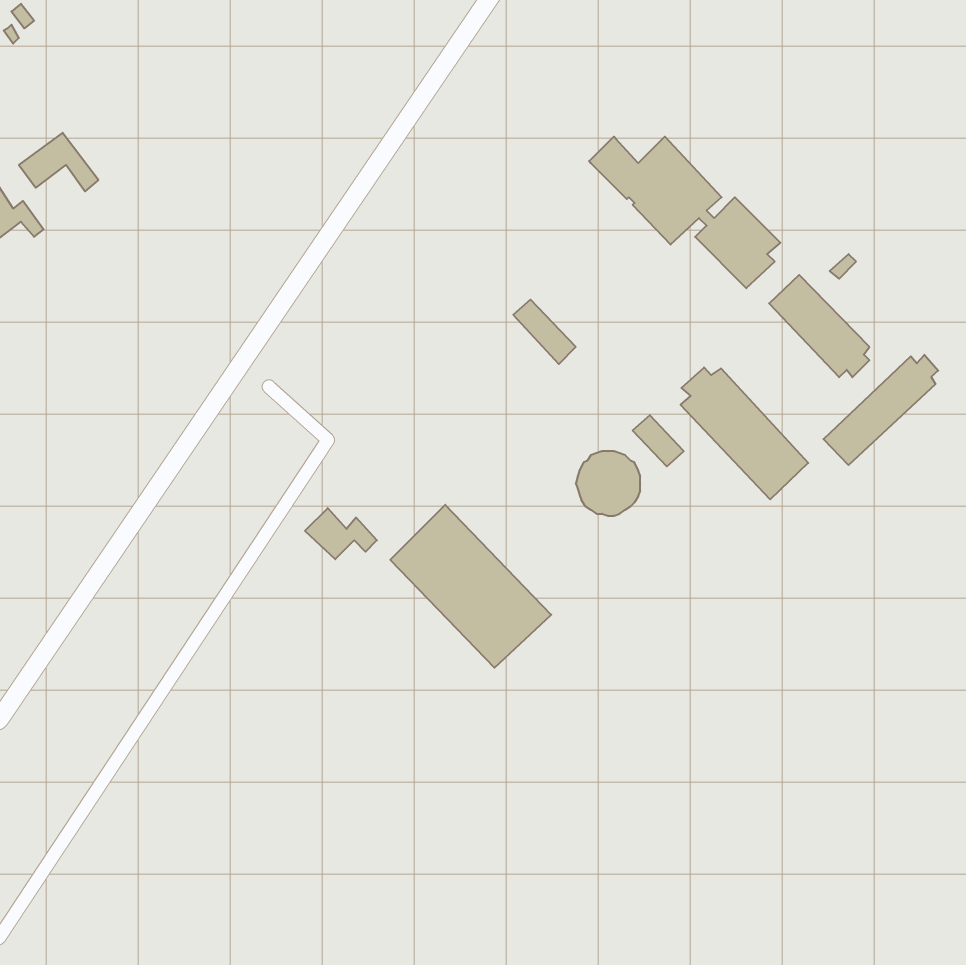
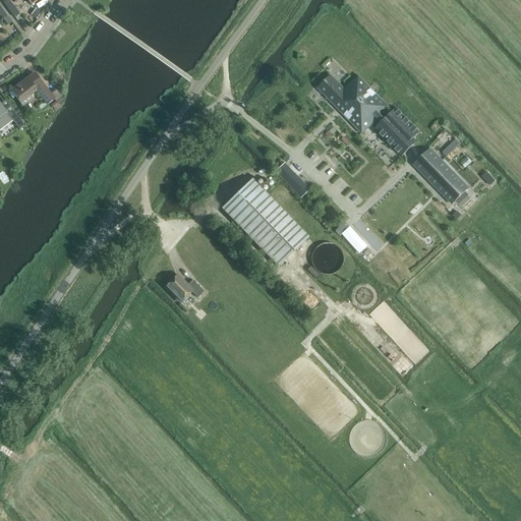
building: [823,355,938,465] -> none
building: [681,367,808,499] -> none
building: [390,505,551,668] -> [221,177,307,265]

